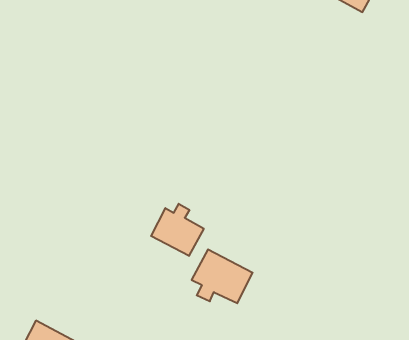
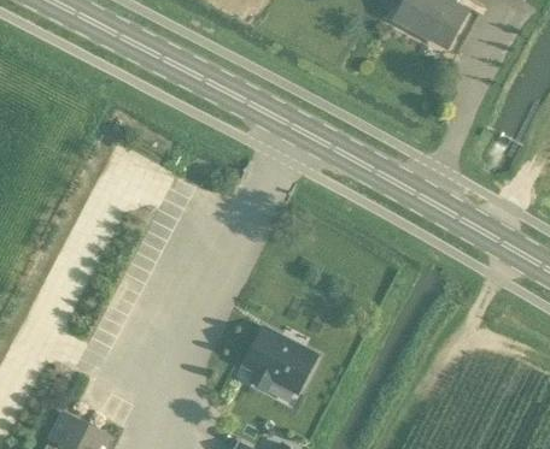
building: [151,204,204,256] -> none

